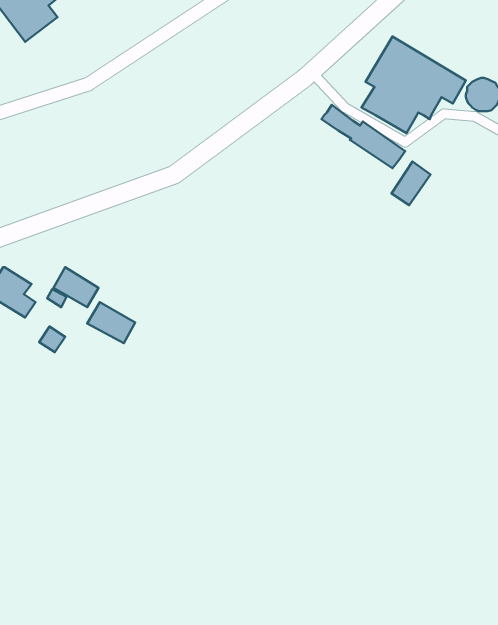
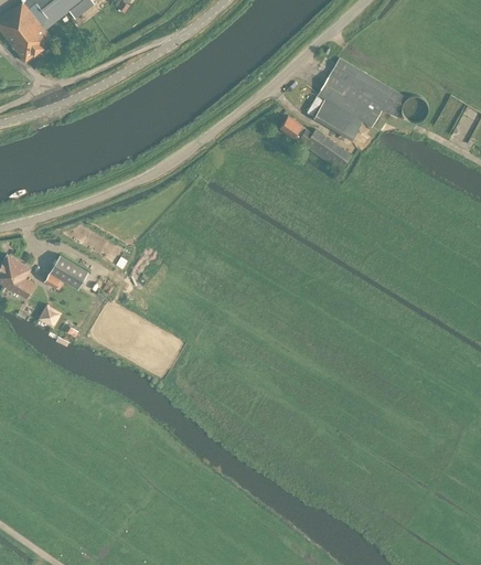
building: [392,162,431,205] -> none
building: [87,302,135,343] -> none

